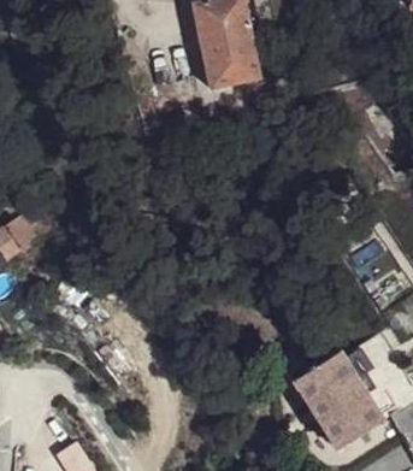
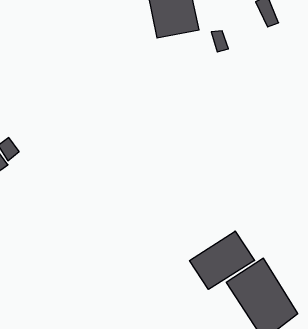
building: none -> [190,231,255,289]

